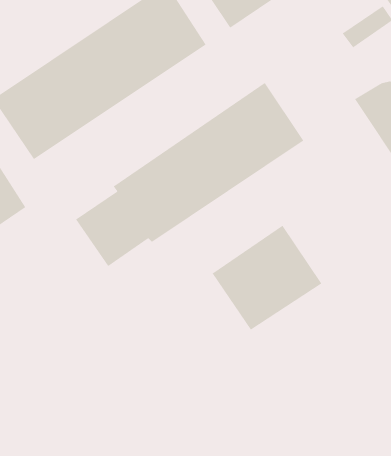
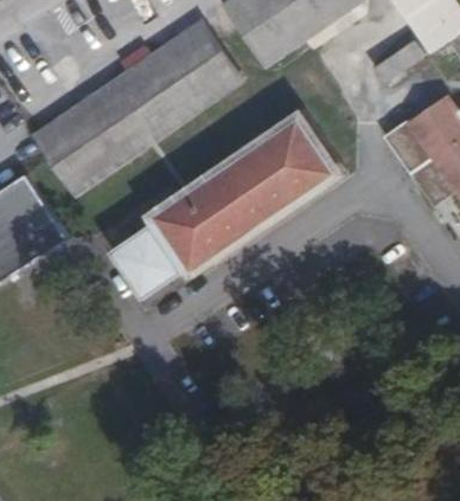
building: [212,225,322,331] -> none

